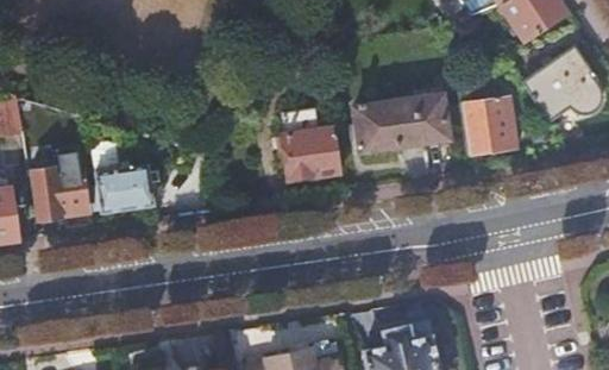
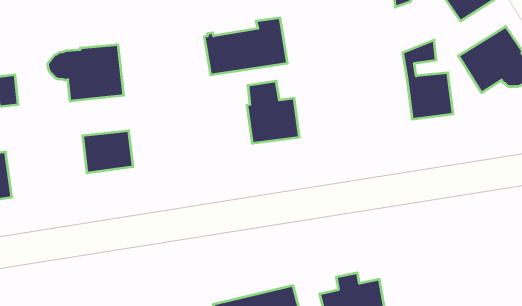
building: none -> [48,45,124,101]
building: [354,88,448,152] -> [204,18,287,75]
building: [32,167,86,221] -> none

